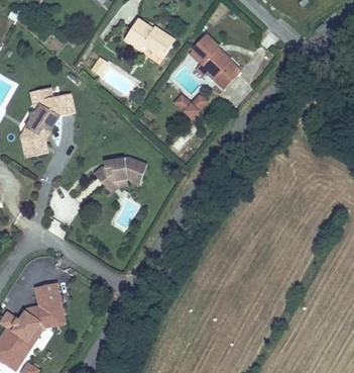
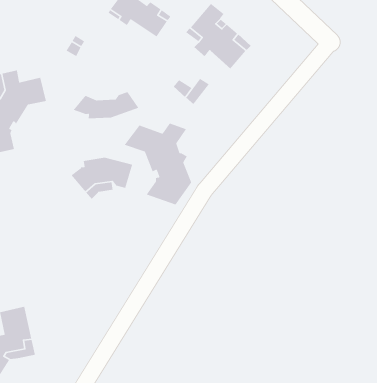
building: none -> [73,91,140,119]
building: none -> [123,122,192,206]

